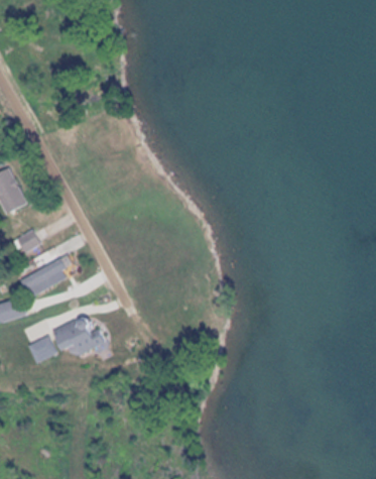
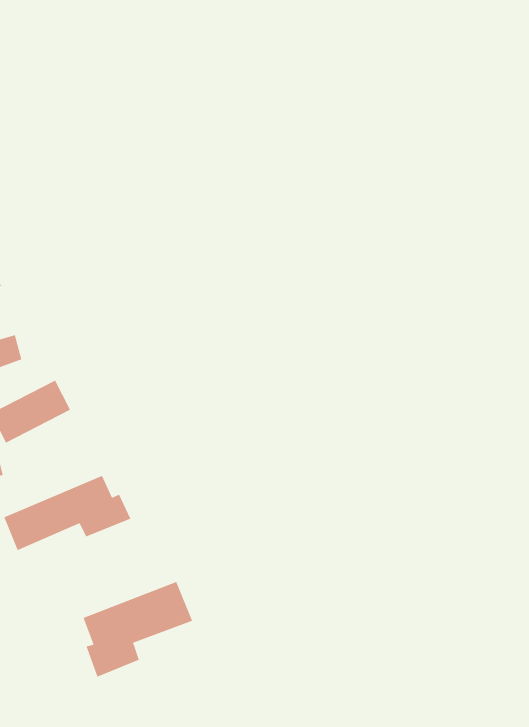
building: none -> [83,581,193,677]

